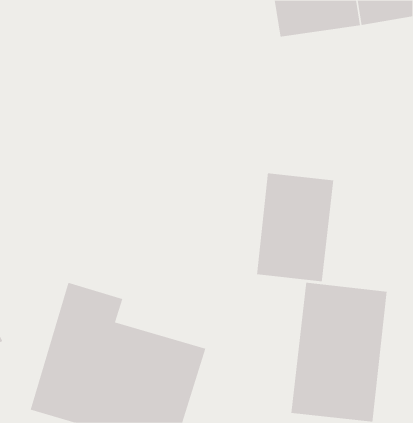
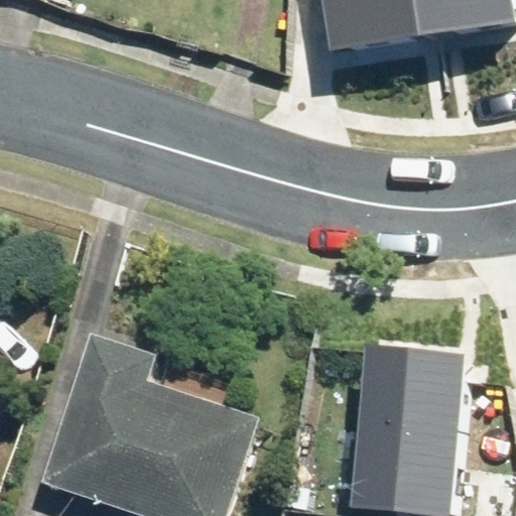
building: [257,172,334,282] -> none

